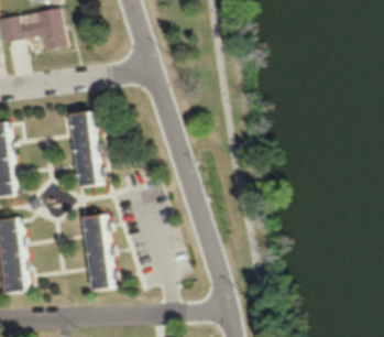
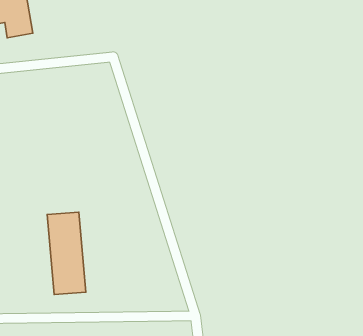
building: [72,110,107,186] -> none

